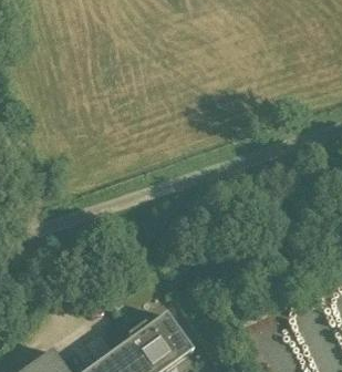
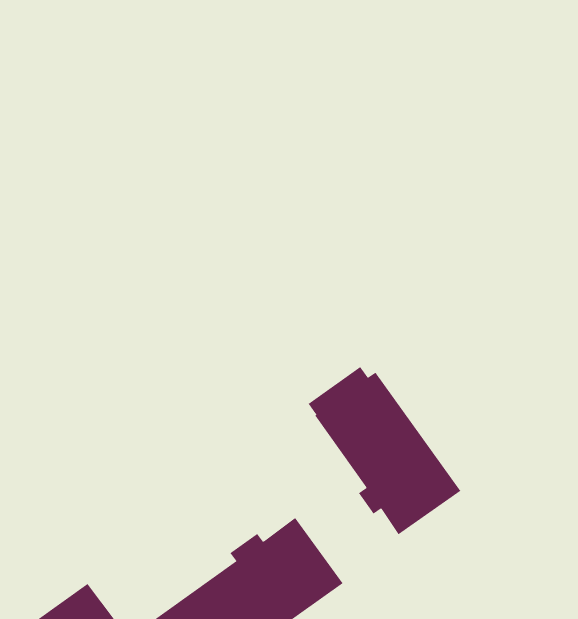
building: none -> [308,366,461,535]

